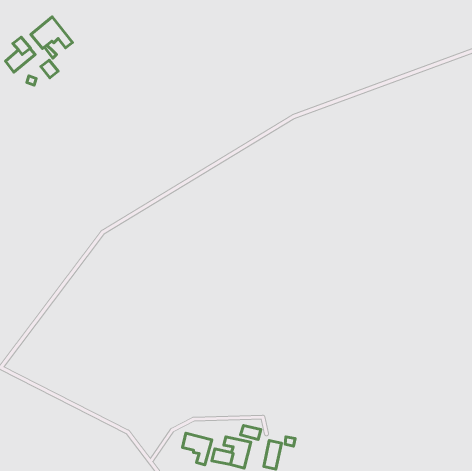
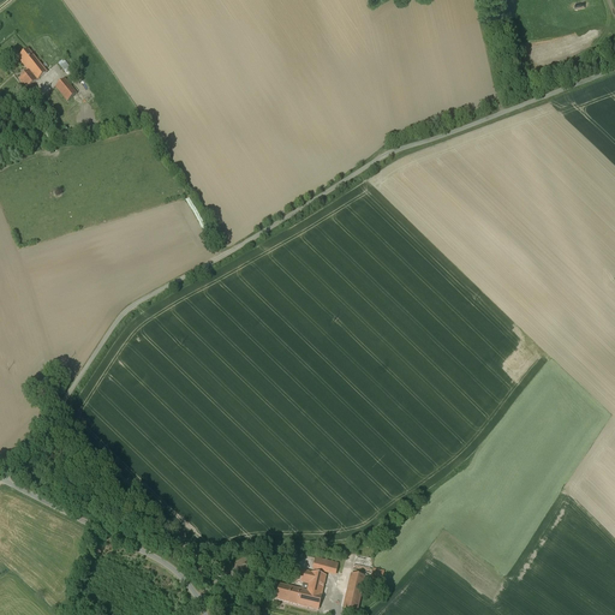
building: [31,17,73,49] -> none
building: [182,433,212,465] -> none

